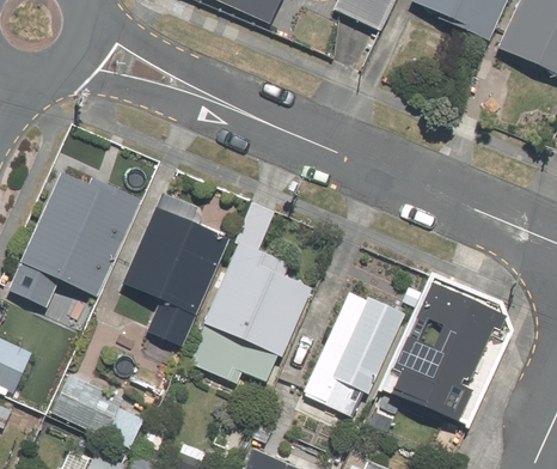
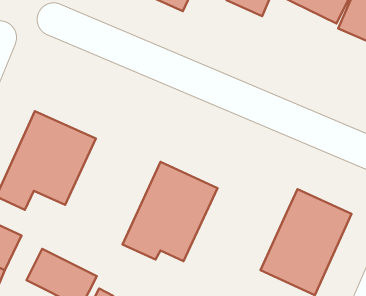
building: [116,194,244,364] -> none
building: [300,282,414,426] -> none

